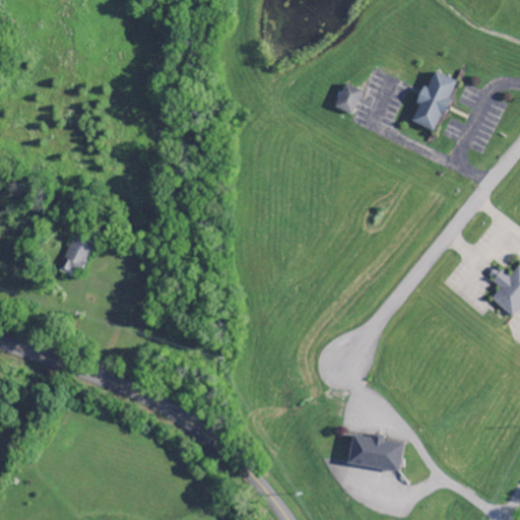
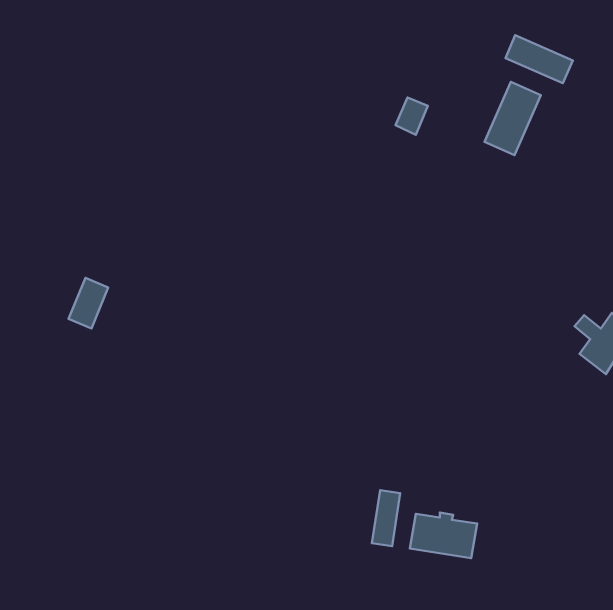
building: none -> [505,35,573,83]
building: none -> [372,490,400,546]

